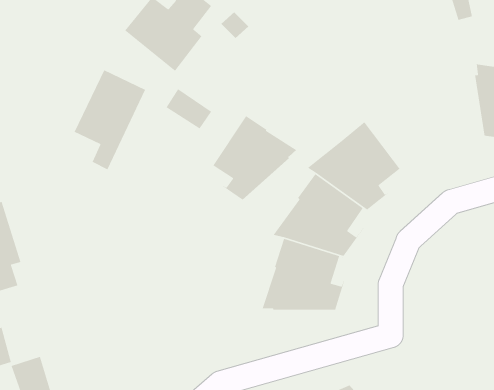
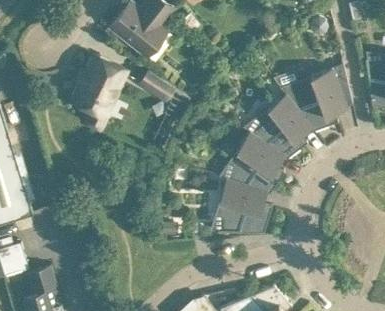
building: none -> [279,66,352,133]
building: [210,115,297,200] -> none

